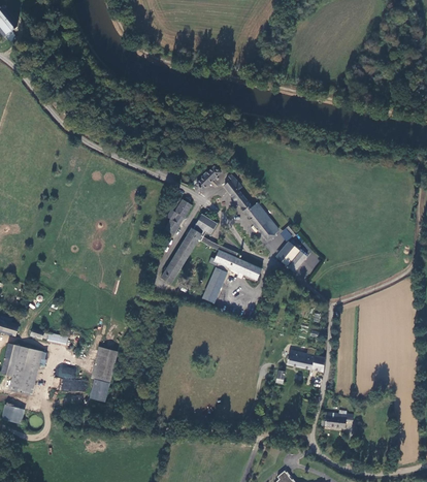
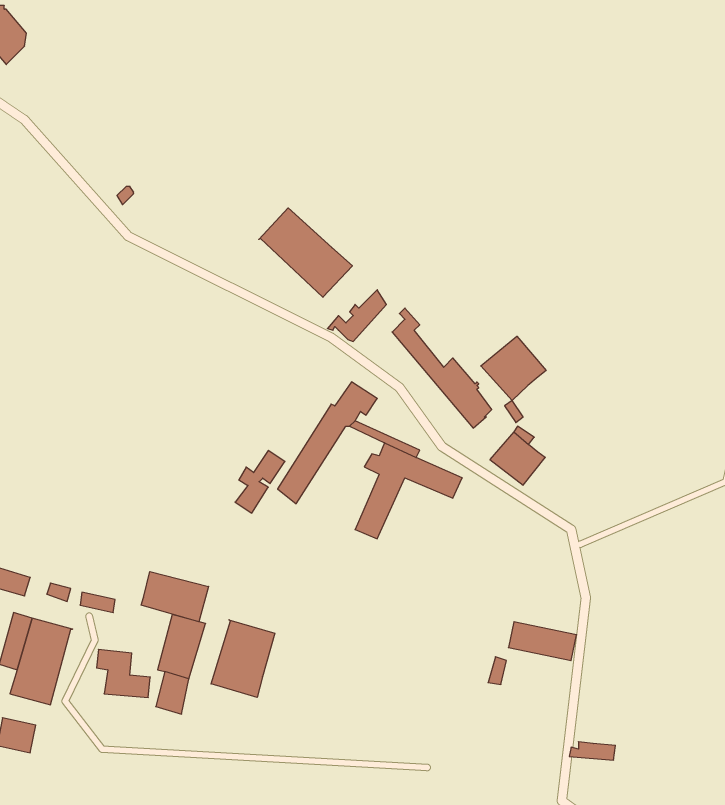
building: none -> [259,208,352,297]
building: none -> [481,336,546,400]
building: [164,200,192,235] -> [235,450,285,513]
building: none -> [141,572,209,622]
building: none -> [211,620,275,697]

